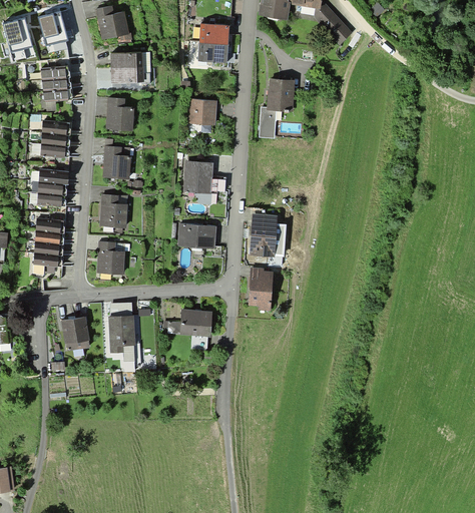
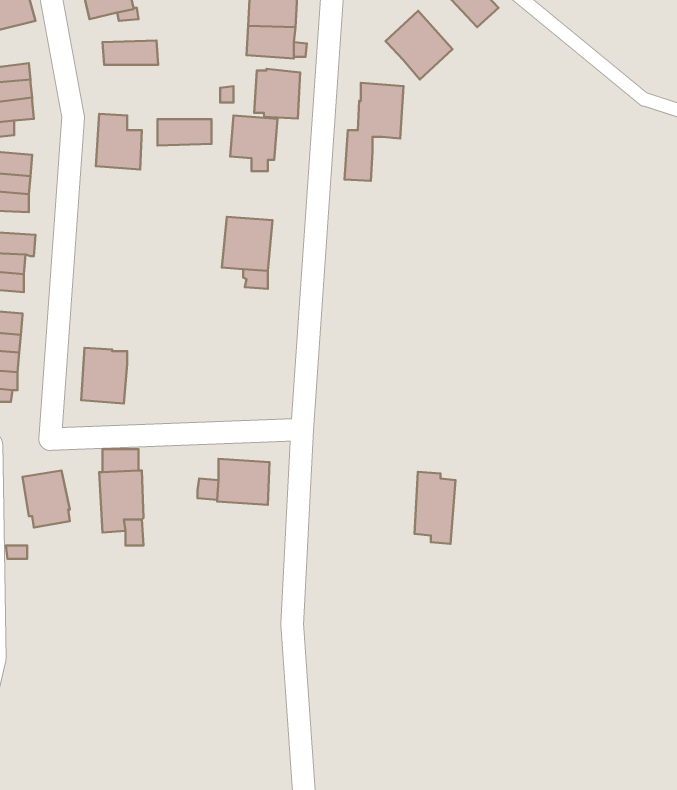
building: none -> [385,11,452,79]
building: [111,67,144,83] -> [157,119,211,145]
building: none -> [254,69,300,119]
building: [103,146,132,179] -> none
building: [100,193,128,228] -> none
building: [250,213,287,256] -> none
building: [178,223,216,249] -> none
building: [249,267,274,311] -> [414,472,455,544]

